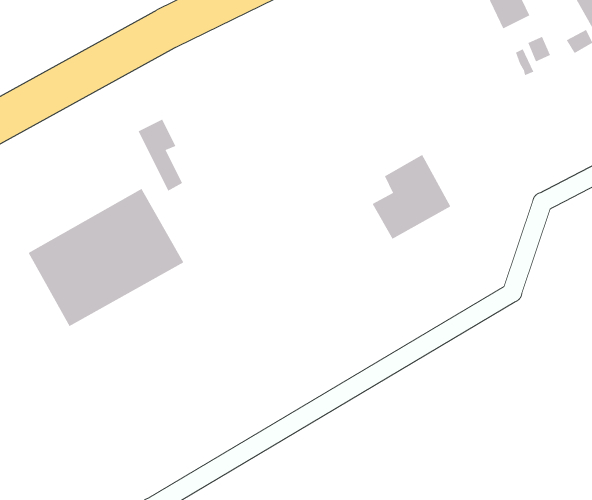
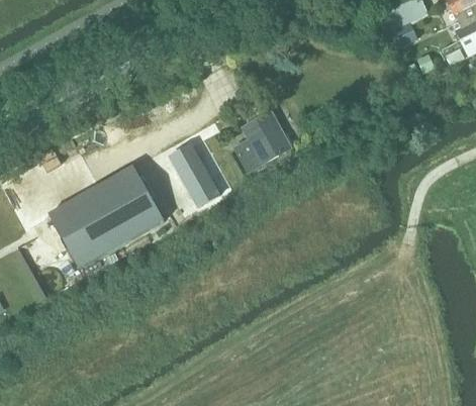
building: [138,119,183,191] -> [182,147,215,201]
building: [372,154,451,239] -> [232,110,291,173]

